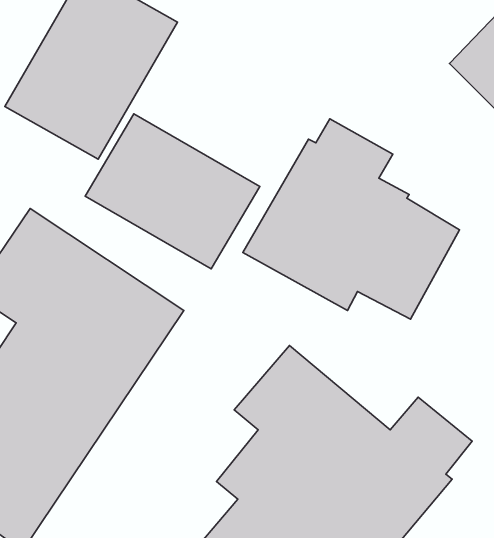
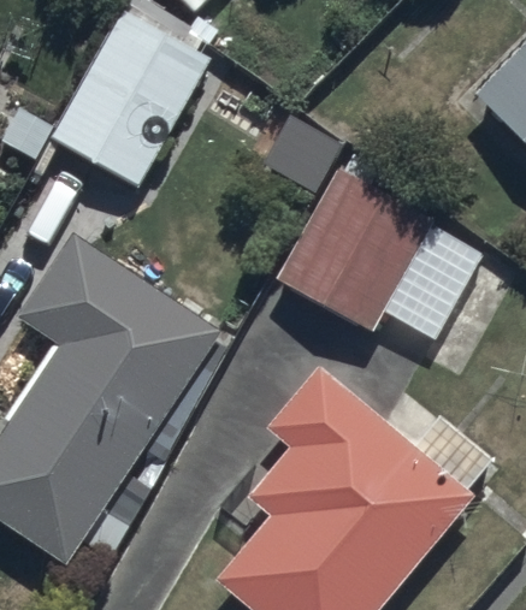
building: [85,114,260,269] -> none

